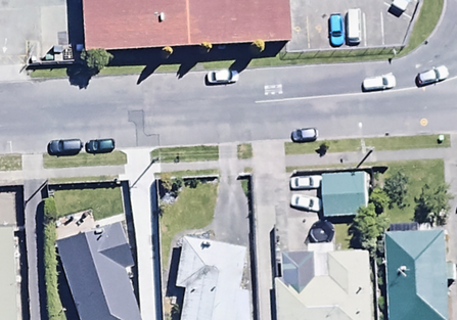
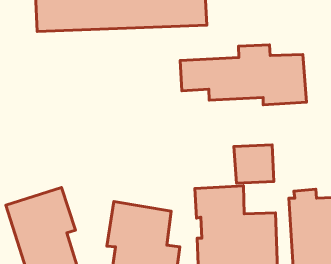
building: none -> [180,45,307,105]

